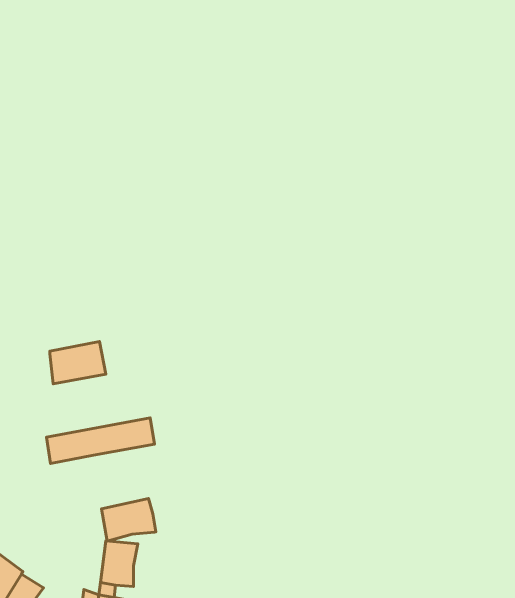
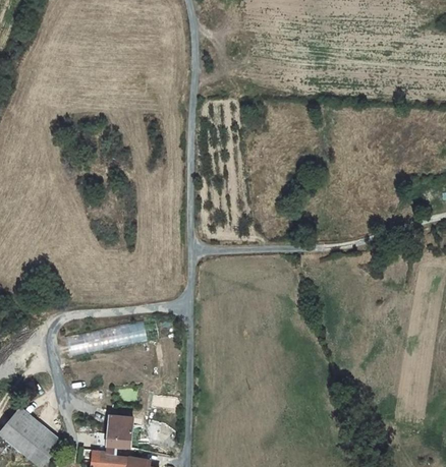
building: [50,341,106,384] -> none
building: [102,499,156,541] -> none

